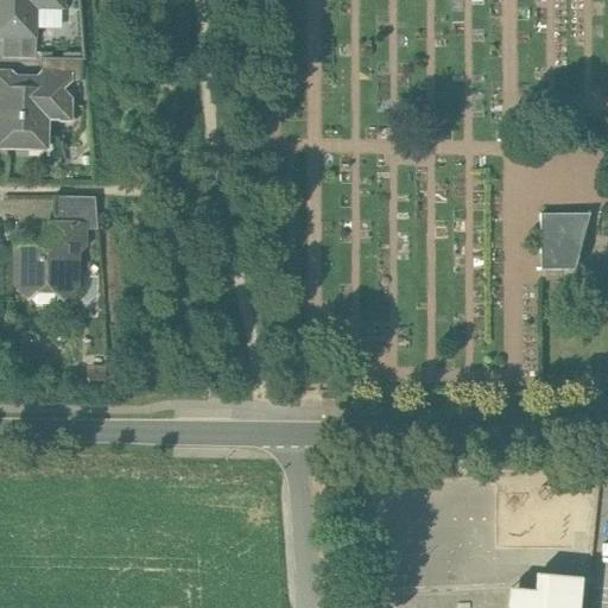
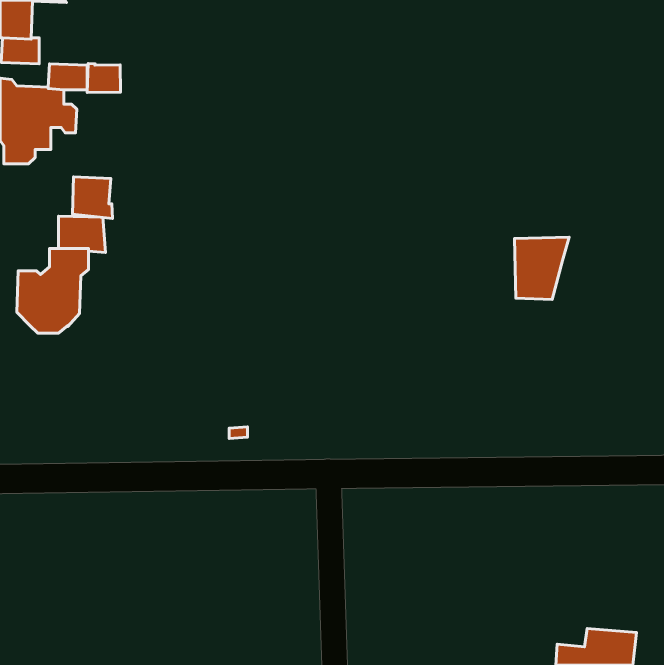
building: none -> [87,64,120,93]
building: none -> [72,177,112,218]
building: [540,215,590,272] -> [514,237,569,300]

